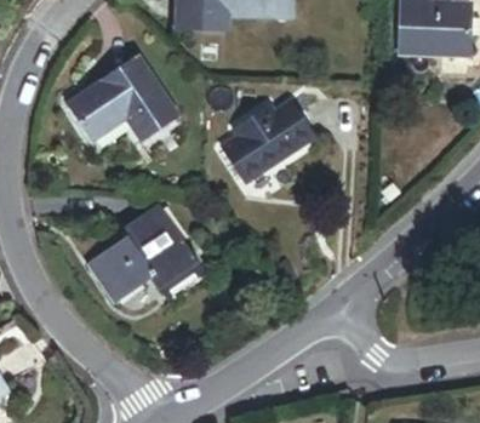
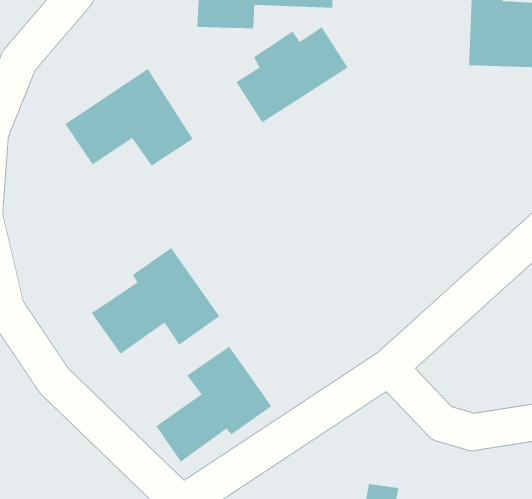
building: [221,102,314,182] -> [236,26,349,123]
building: none -> [155,346,272,463]

